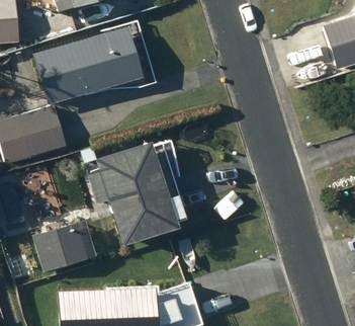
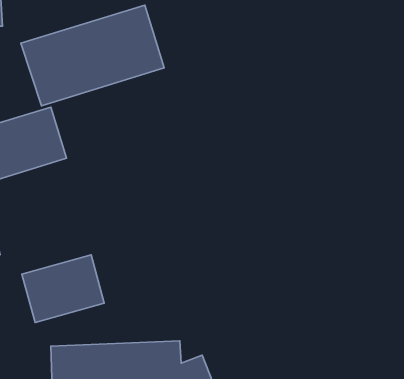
building: [83,140,181,246] -> none

